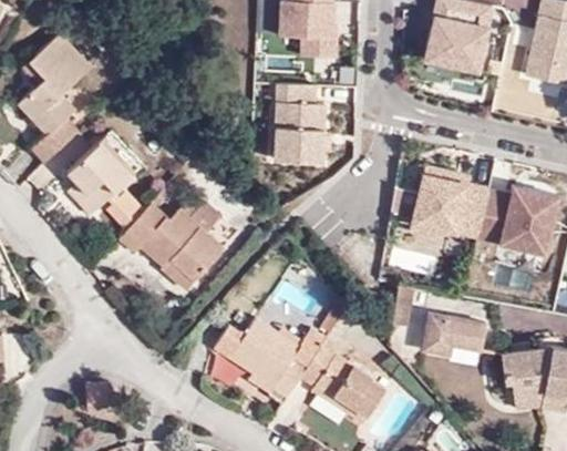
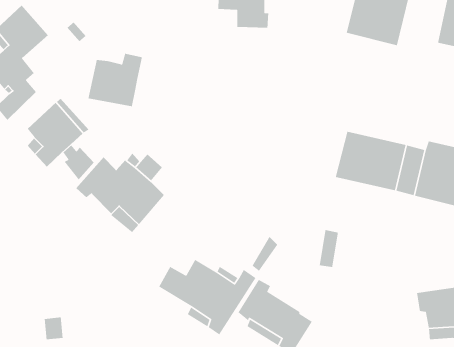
building: [275,85,329,165] -> none
building: none -> [88,53,143,107]
building: [423,312,488,353] -> none

